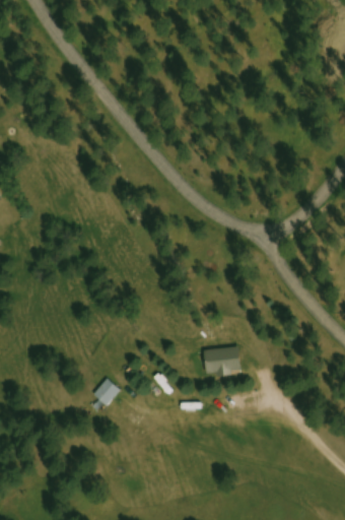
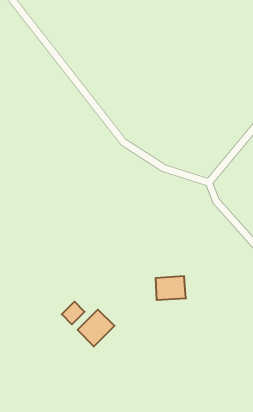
building: none -> [78,310,115,347]

